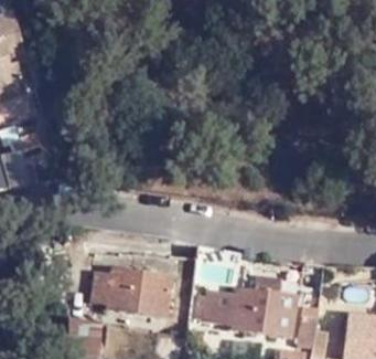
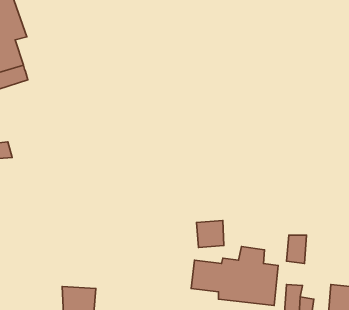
building: [90,267,169,315] -> none

